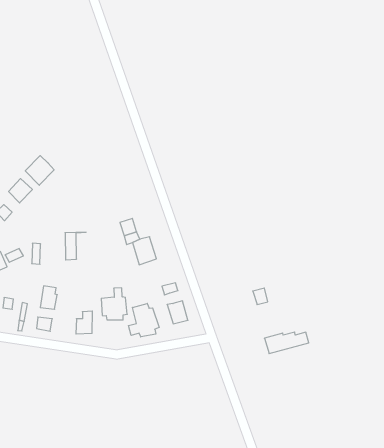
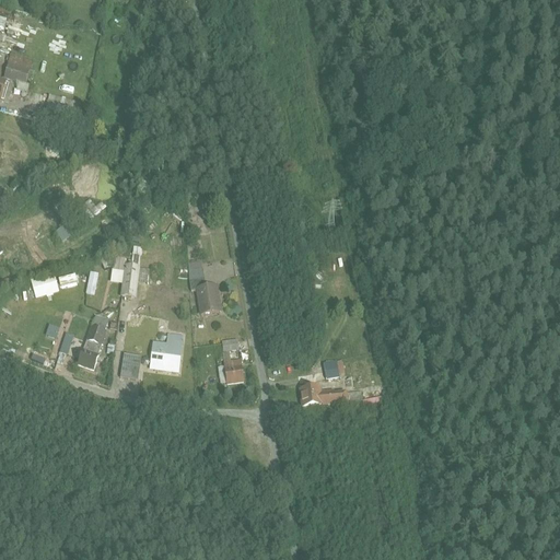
building: [25,156,54,185] -> none
building: [128,303,159,337] -> none
building: [264,332,309,354] -> [299,385,346,405]

